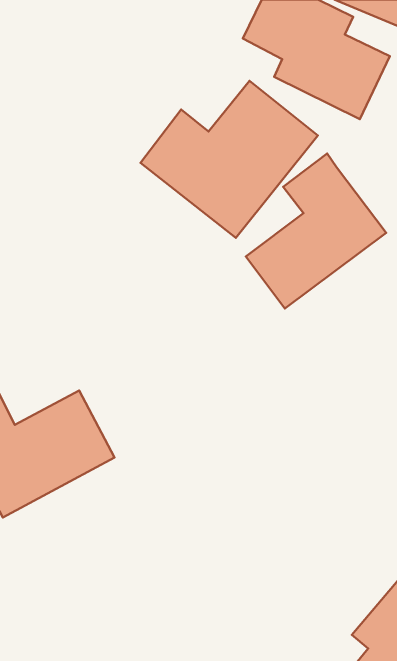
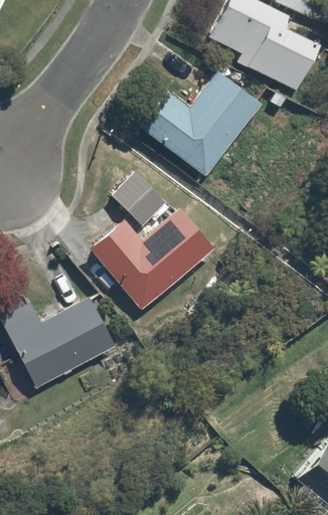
building: [246,154,386,309] -> none
building: none -> [88,169,205,308]

